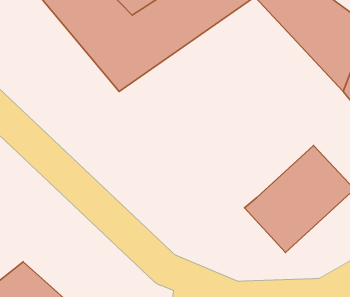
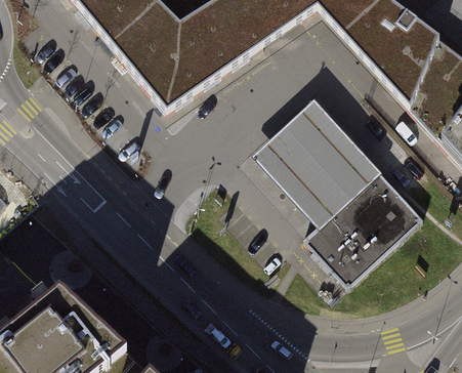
building: none -> [251,95,380,225]

